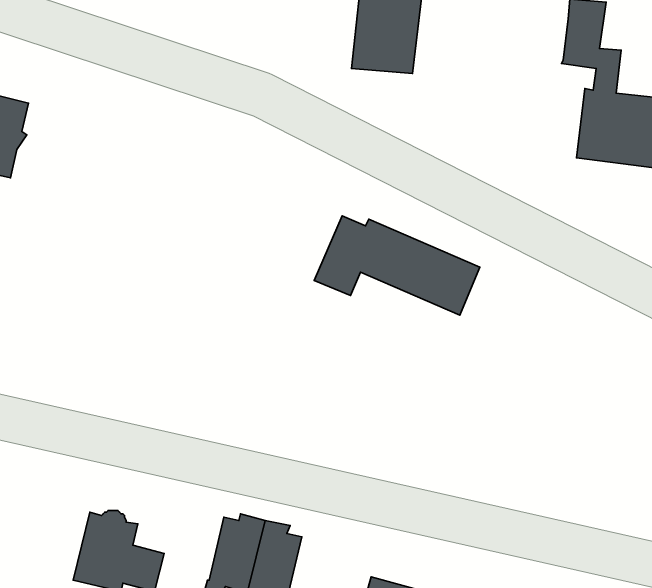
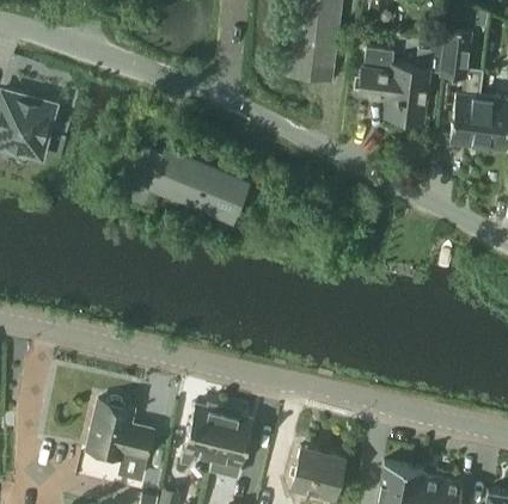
building: none -> [359,44,445,124]
building: [314,216,480,315] -> [127,152,246,223]

